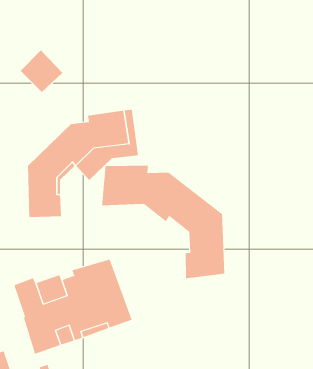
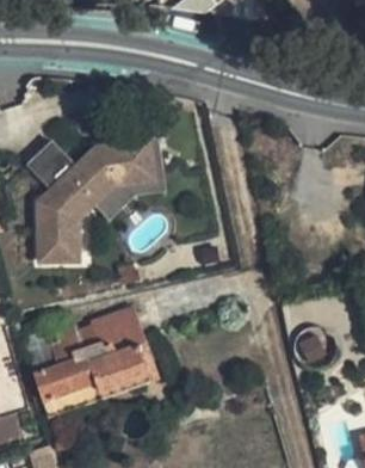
building: [20,50,63,93] -> [26,141,75,190]
building: [101,165,225,279] -> none

